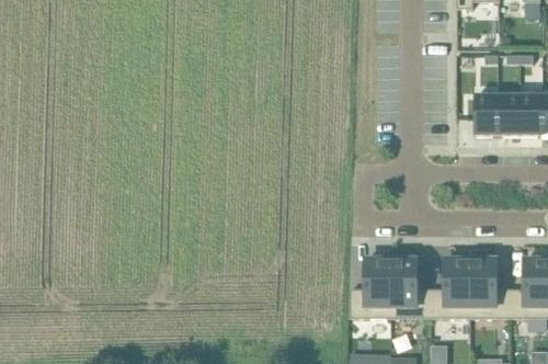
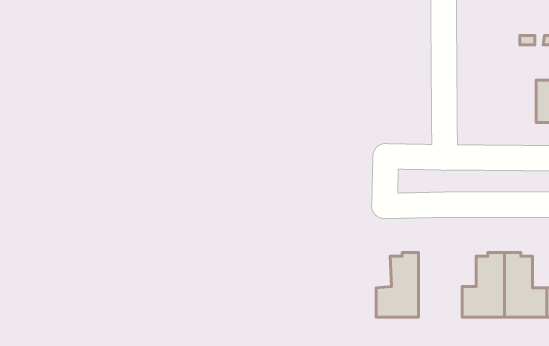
building: [476,94,501,134] -> none
building: [391,255,432,316] -> none

